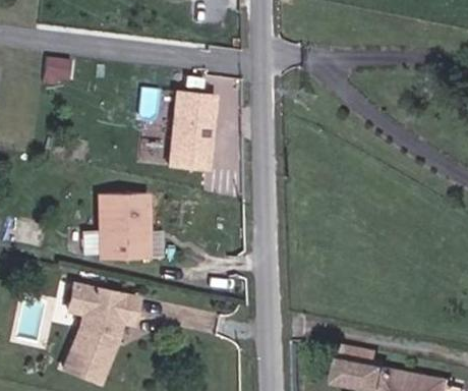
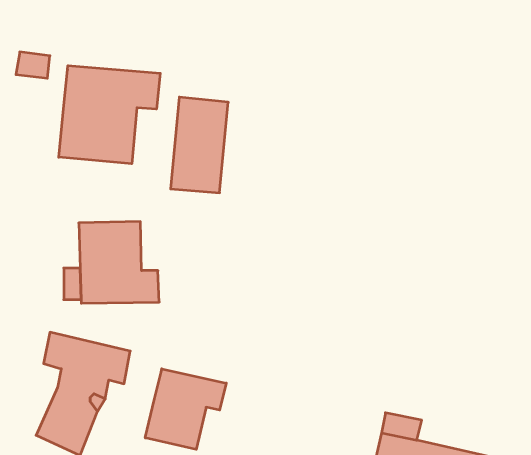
building: none -> [59,66,160,164]
building: none -> [145,369,226,449]

